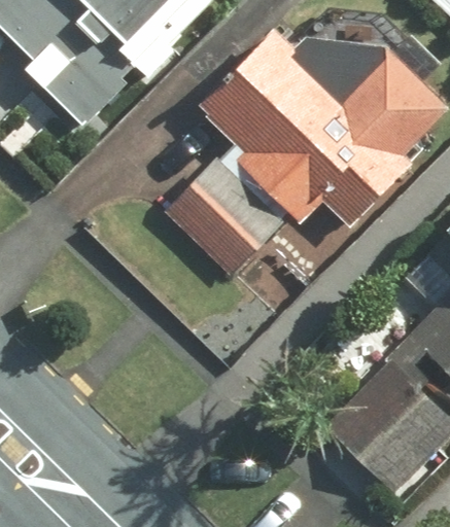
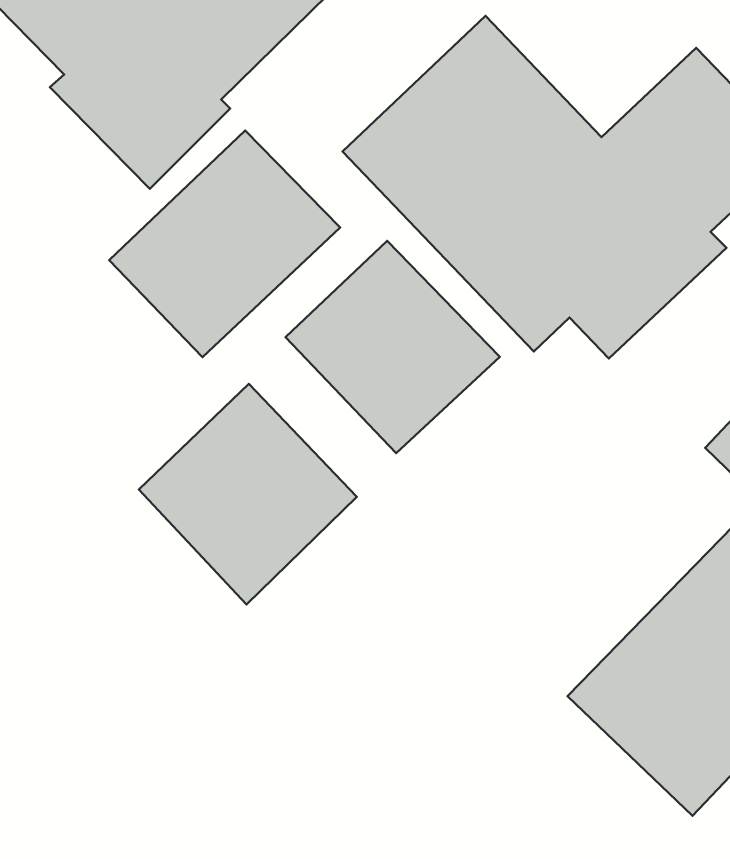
building: none -> [109,131,340,357]
building: none -> [139,384,357,605]

